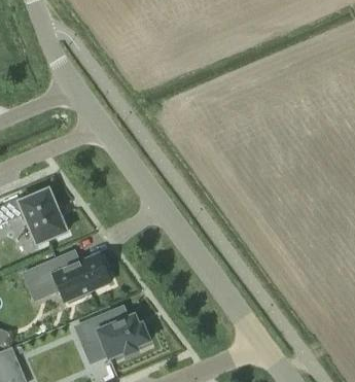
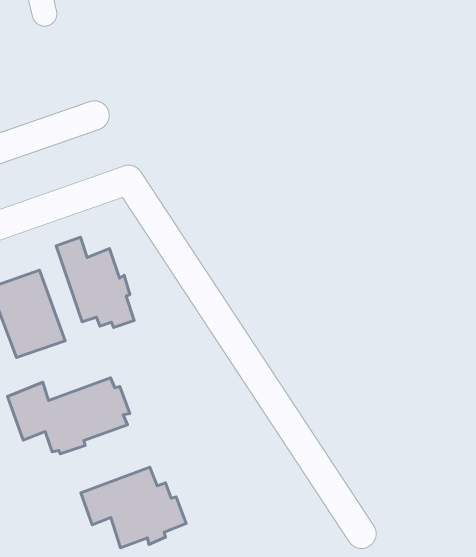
building: none -> [56,237,134,328]

